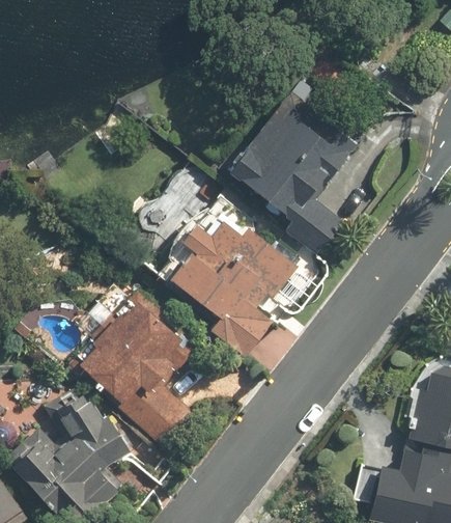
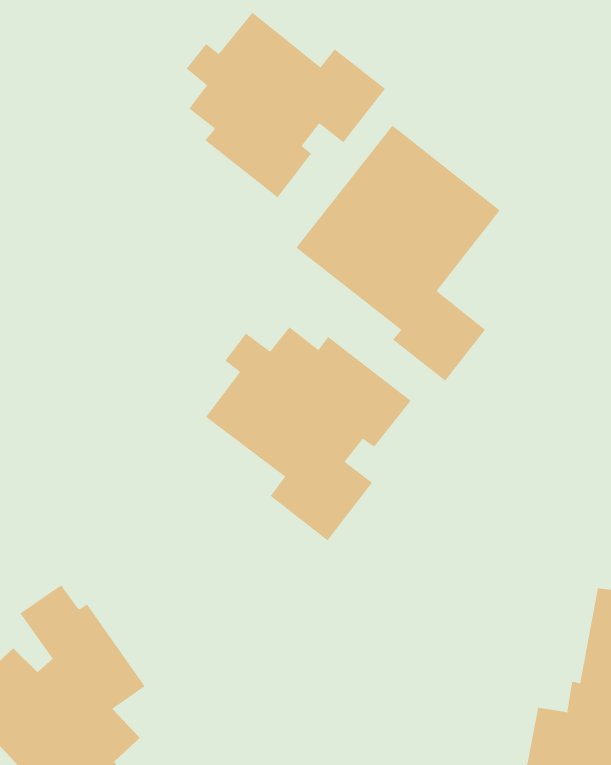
building: none -> [186,12,386,198]
building: [77,288,201,445] -> none

